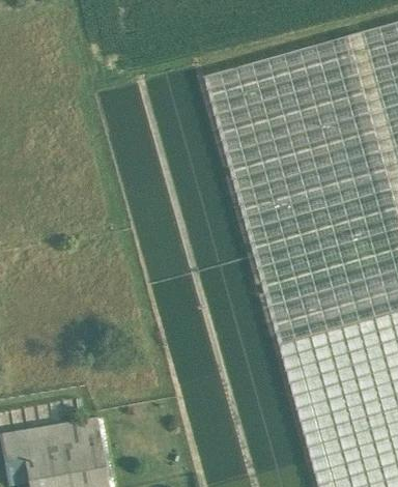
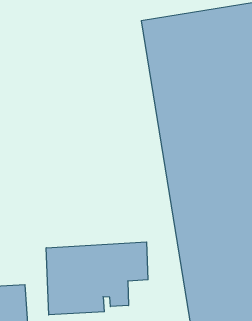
building: none -> [46,242,148,315]

